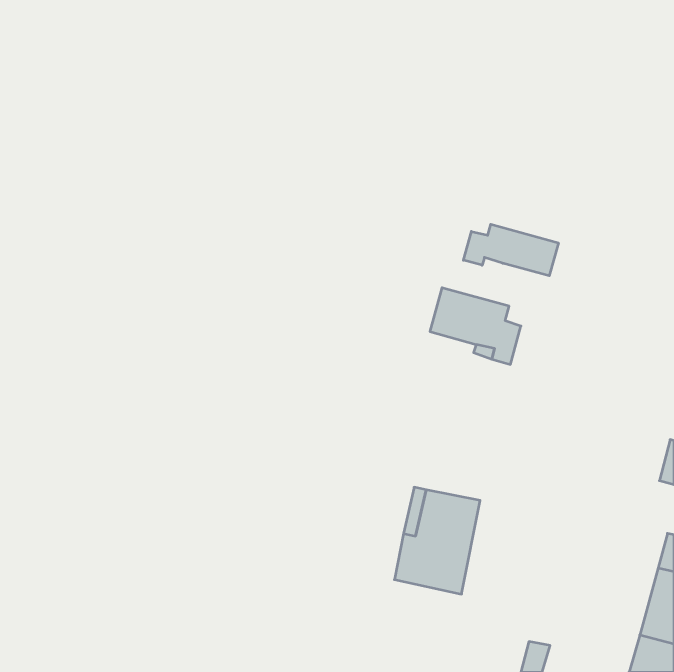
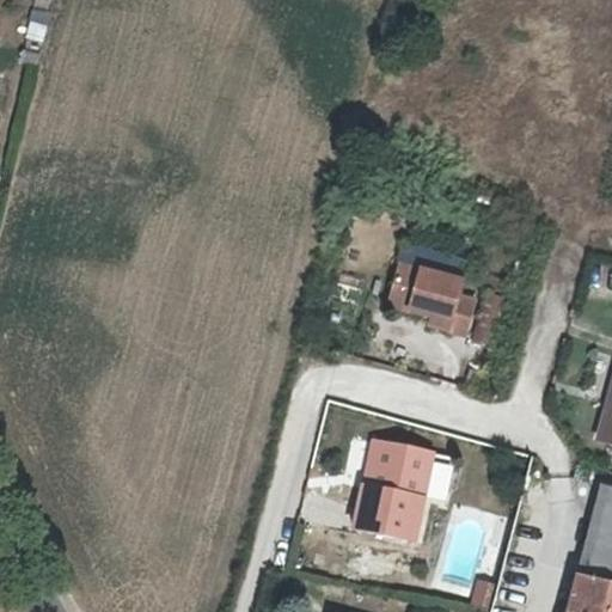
building: [463,224,558,276] -> none

